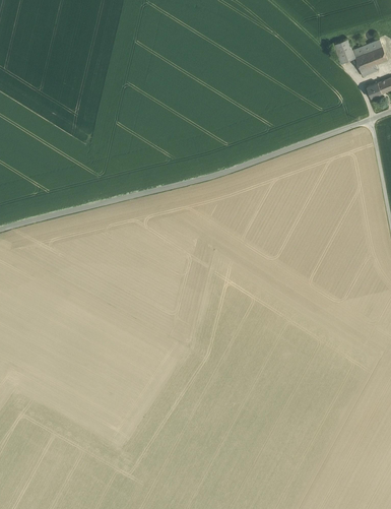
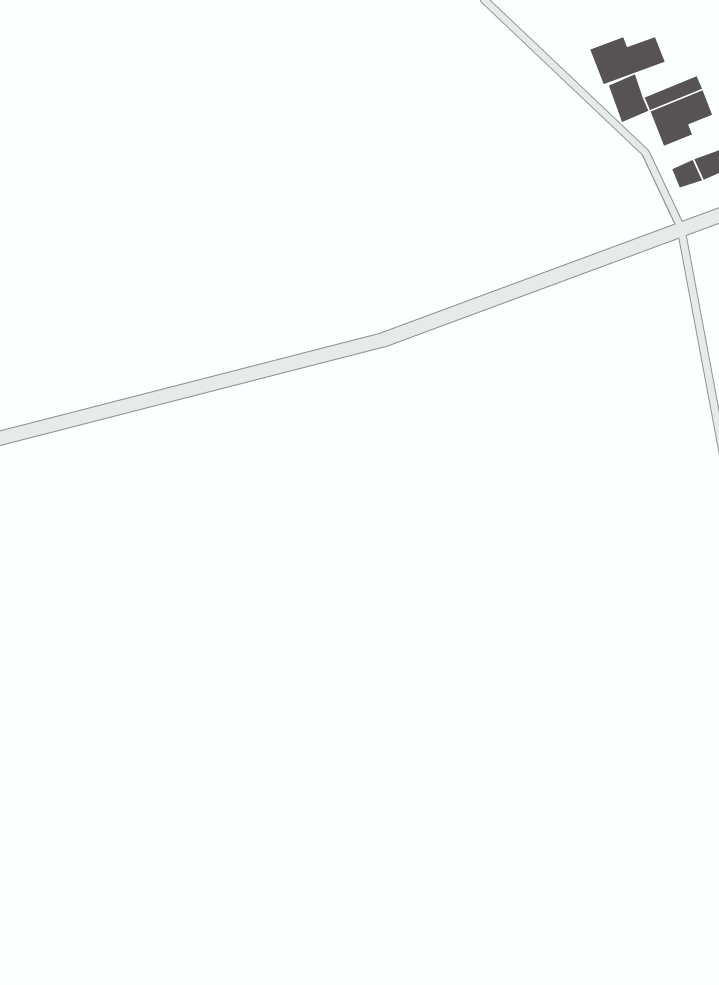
building: none -> [589,36,666,85]

